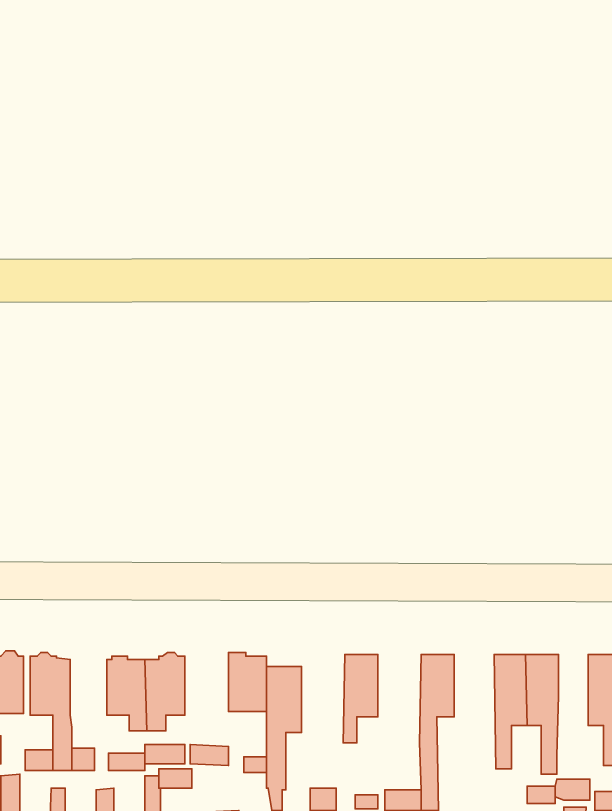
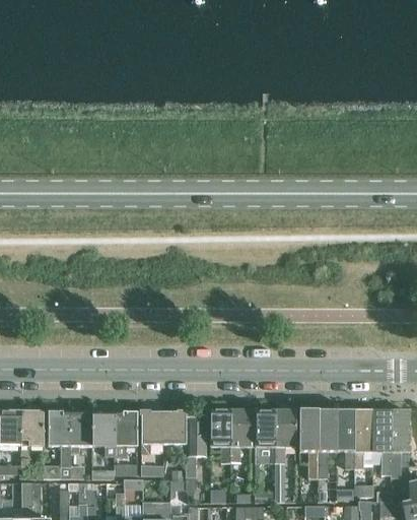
building: none -> [141,409,163,453]
building: none -> [211,410,231,462]
building: none -> [255,410,276,462]
building: none -> [299,410,320,477]
building: none -> [355,410,373,469]
building: none -> [71,411,92,453]

